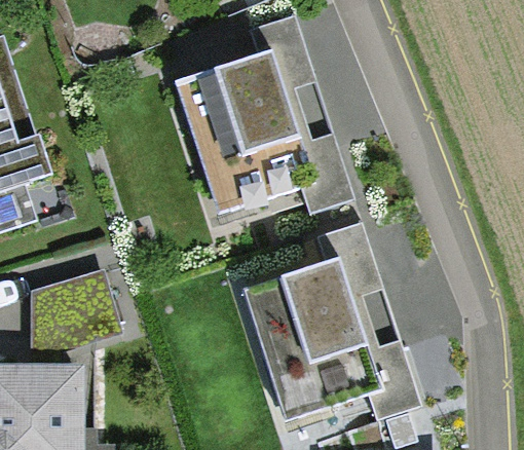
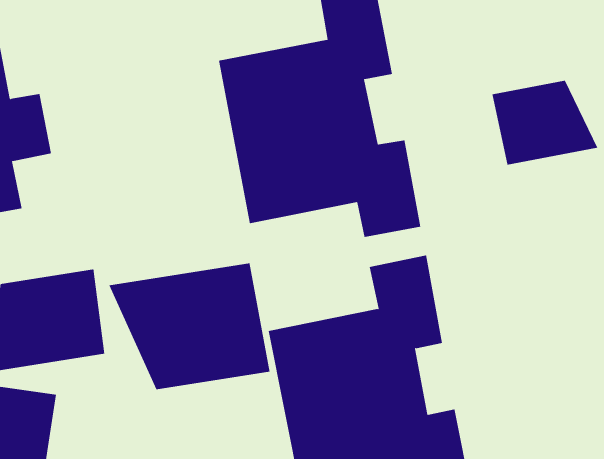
building: none -> [492,80,598,165]
building: none -> [108,263,270,390]

